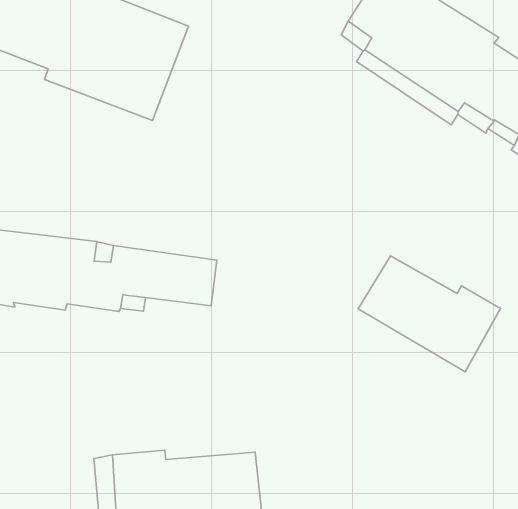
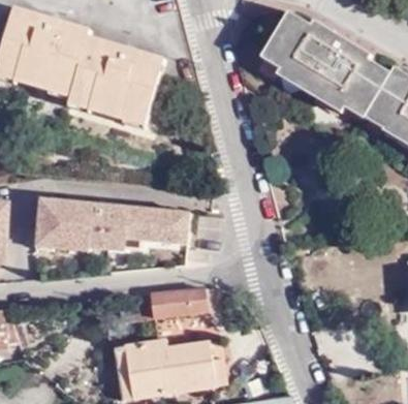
building: [358,256,500,372] -> none
building: none -> [130,292,207,321]

